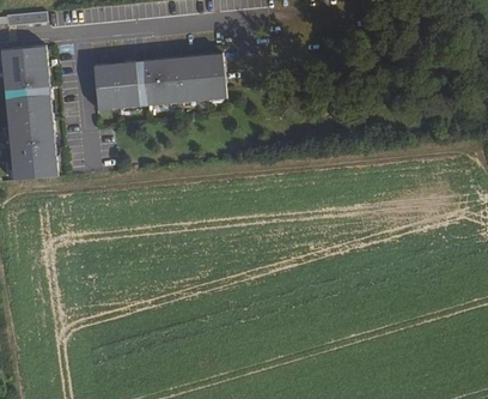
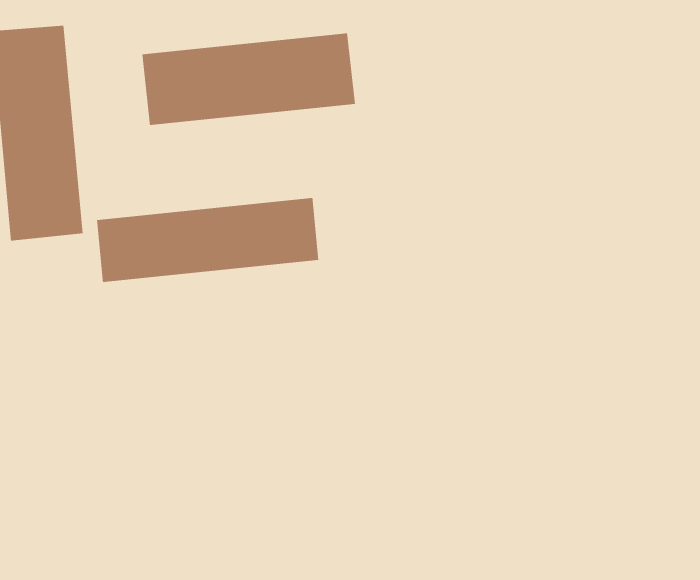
building: none -> [97,197,319,283]

